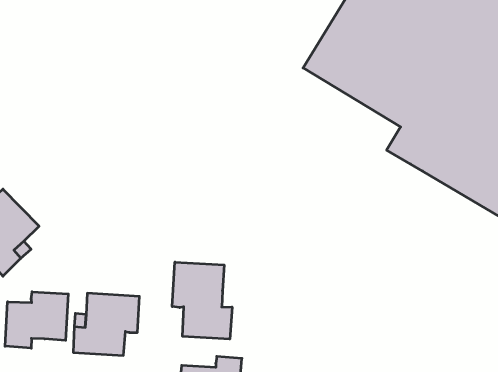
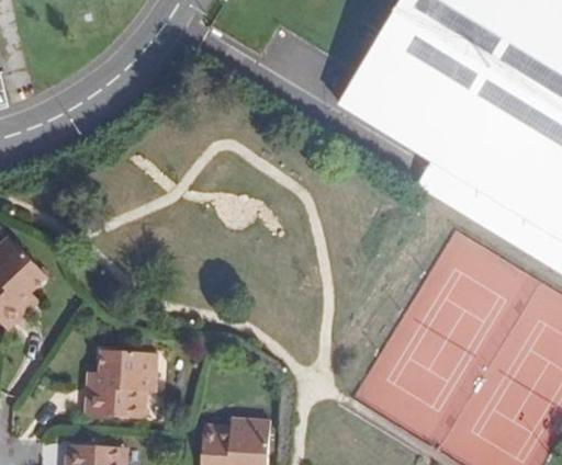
building: [172,262,232,339] -> none
building: [5,292,68,348] -> none

